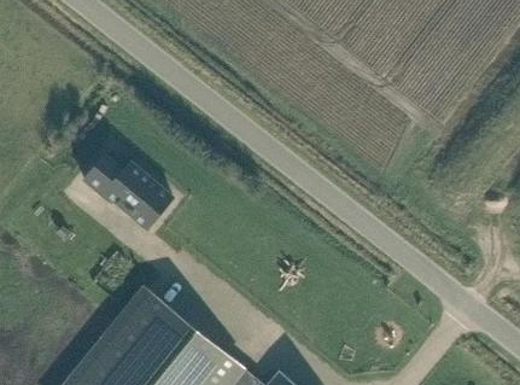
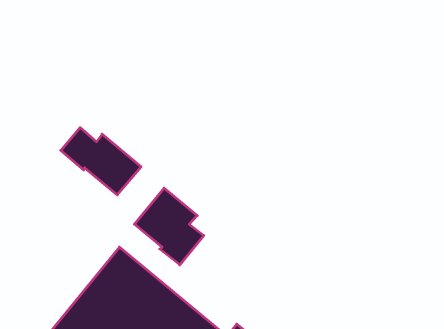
building: none -> [134,188,204,265]

